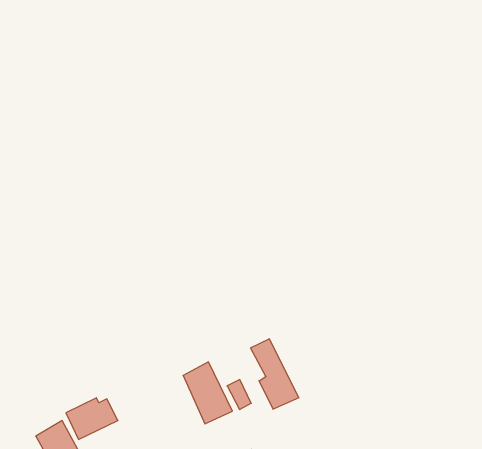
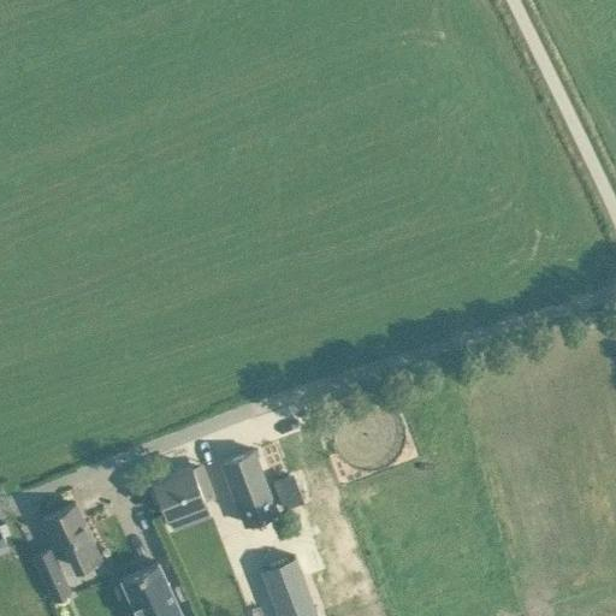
building: [251,339,299,409] -> none
building: [66,398,118,439] -> [155,469,215,516]

